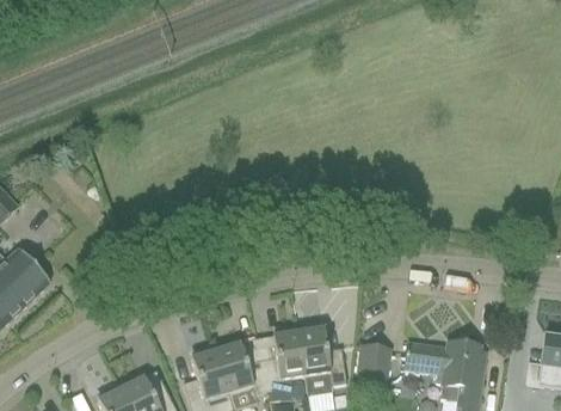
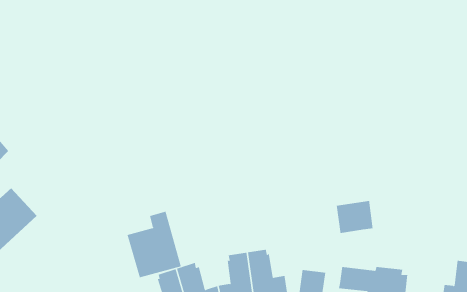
building: none -> [336,200,373,234]
building: none -> [127,211,182,278]

